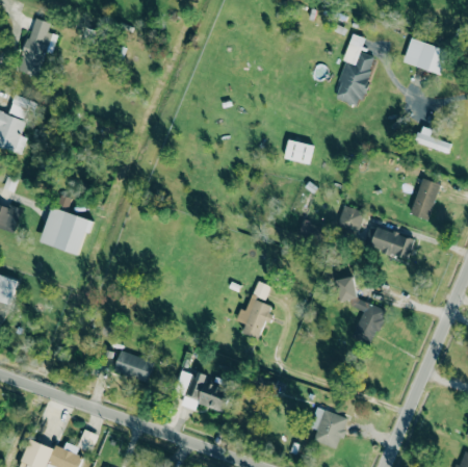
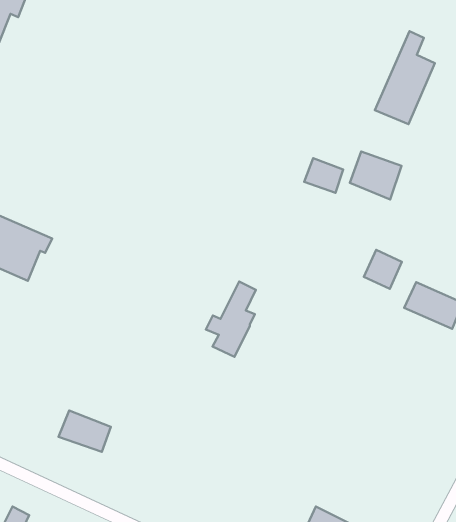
building: none -> [350,152,401,199]
building: [336,277,386,344] -> none
building: [235,281,271,339] -> [206,281,256,357]
building: [180,375,231,413] -> none

